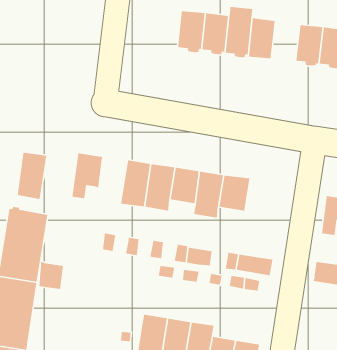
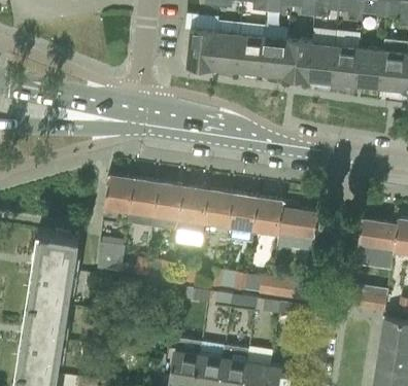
building: none -> [185,28,214,70]
building: none -> [306,30,335,85]
building: [17,152,47,200] -> [129,179,160,227]
building: none -> [277,202,319,251]
building: [39,261,64,290] -> [97,243,123,272]

